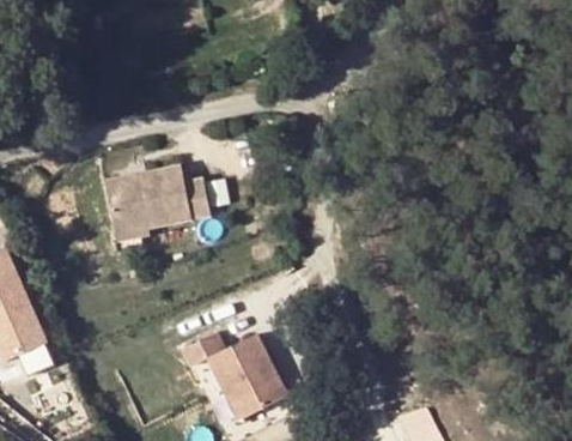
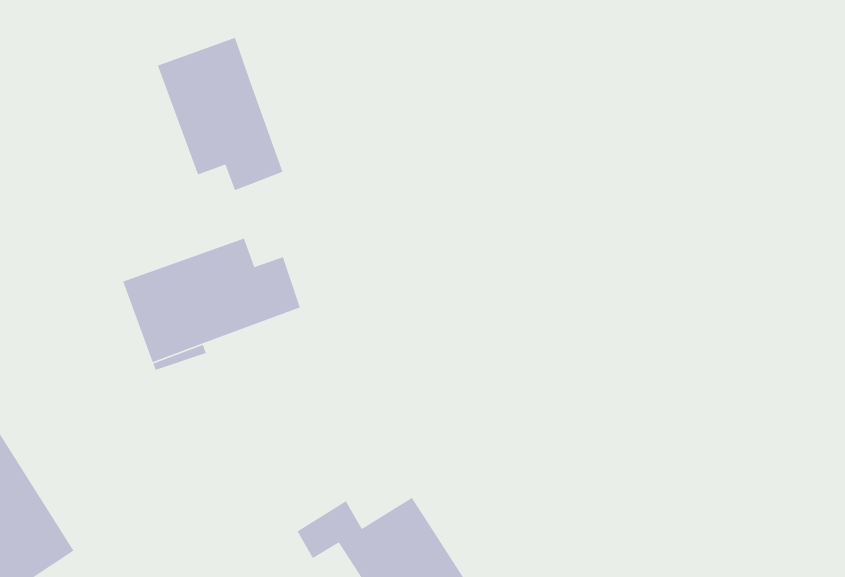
building: none -> [157,37,283,191]

